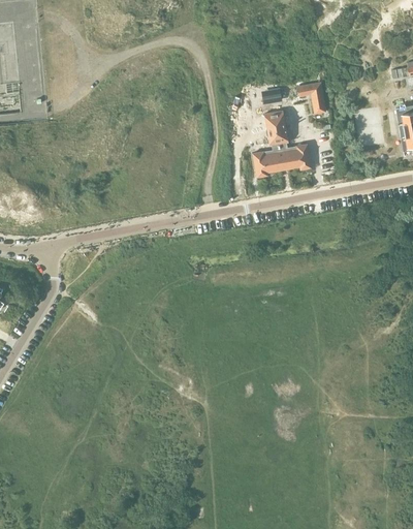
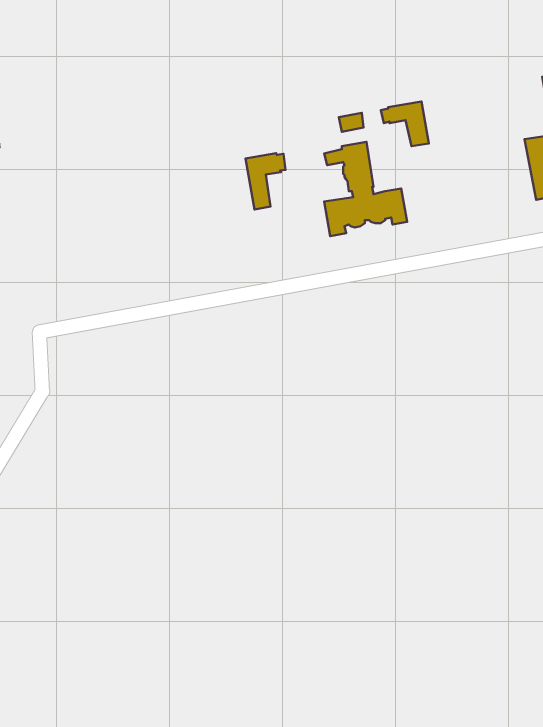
building: none -> [245,153,286,210]

